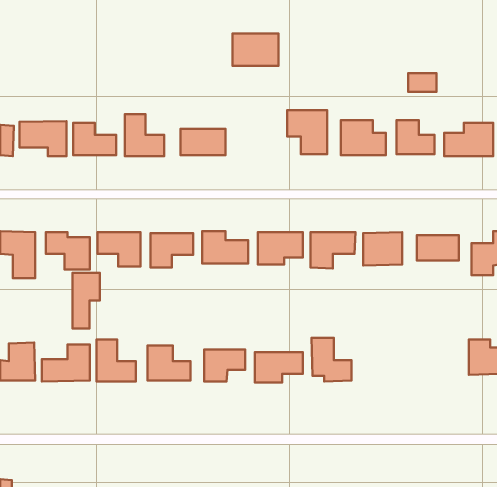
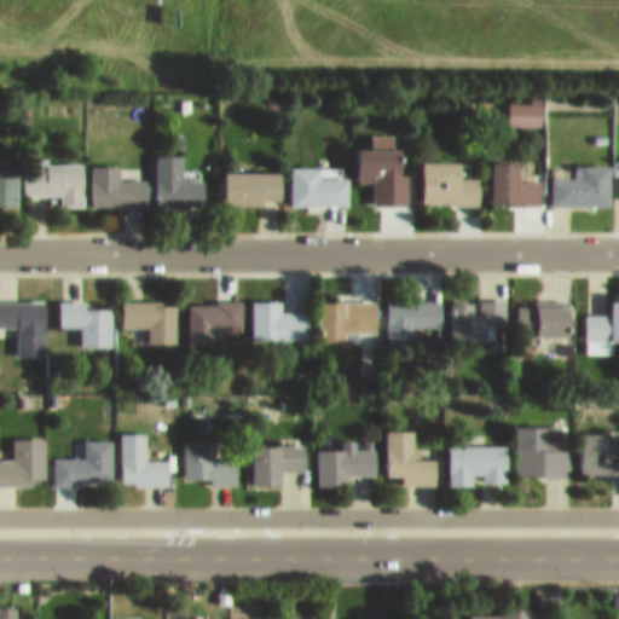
building: [233,34,278,66] -> [291,168,348,208]
building: [72,273,100,329] -> none
building: none -> [517,428,571,479]
building: none -> [451,447,509,488]

